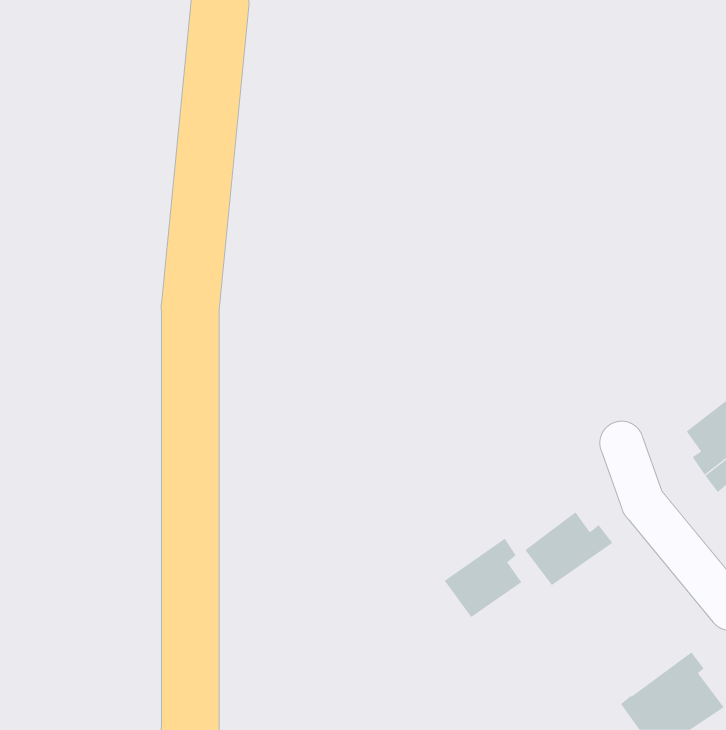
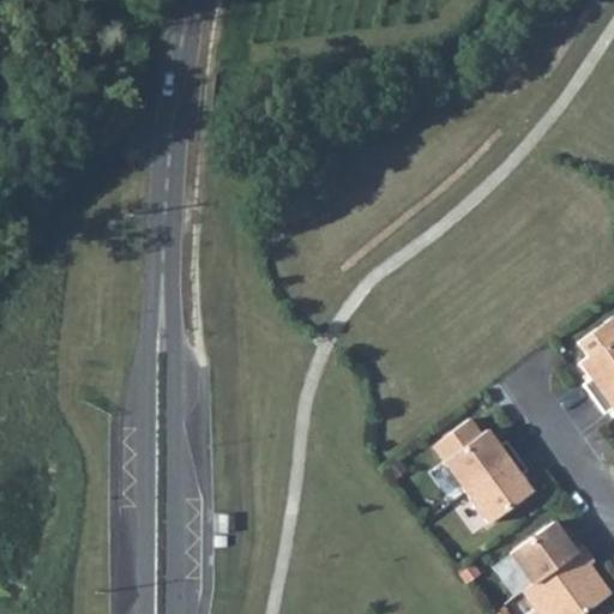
building: [444,538,522,618] -> [466,456,532,523]
building: none -> [511,522,584,584]

